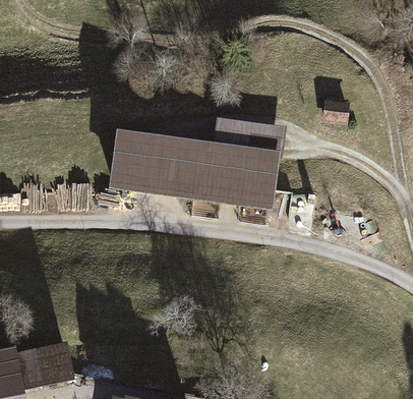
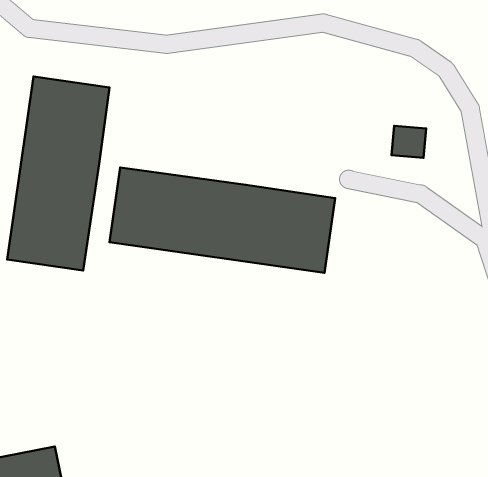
building: none -> [7,77,109,271]
building: [212,116,284,153] -> none

